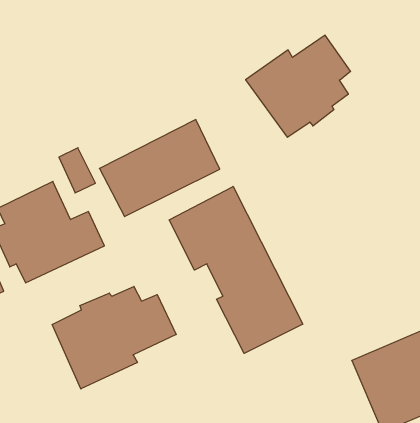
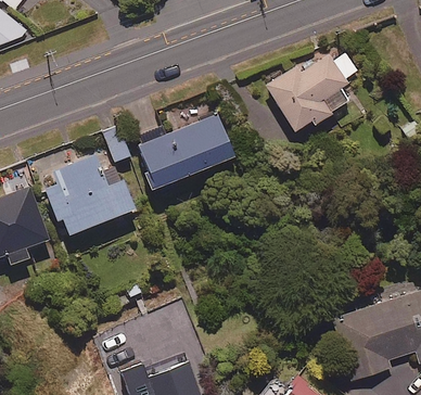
building: [169,186,303,353] -> none
building: [52,286,176,389] -> none

